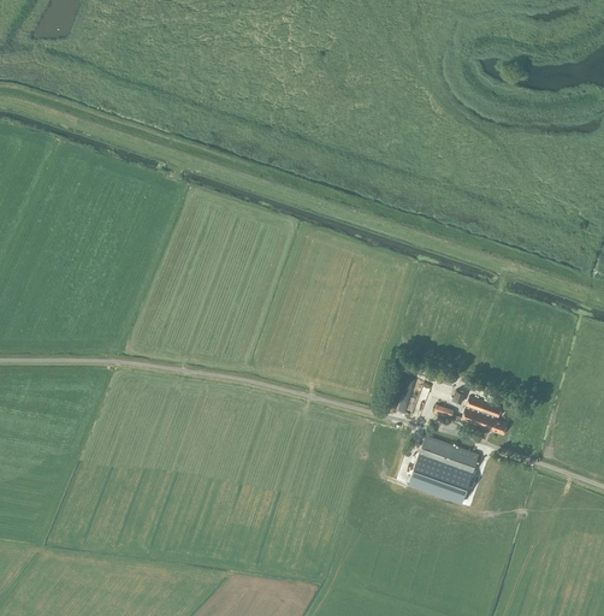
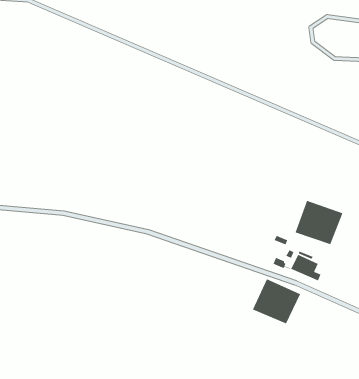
building: none -> [295,200,343,245]

